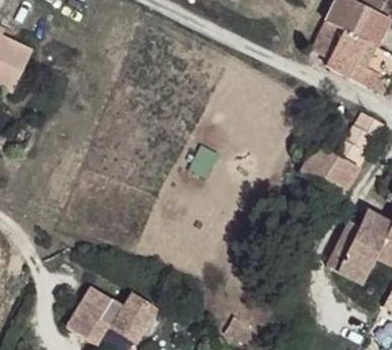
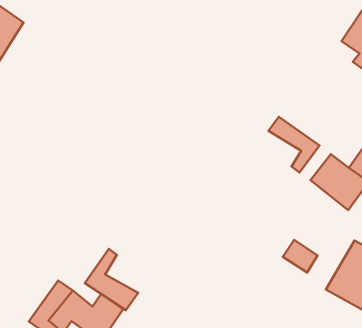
building: none -> [269,117,319,172]
building: none -> [85,249,138,310]

